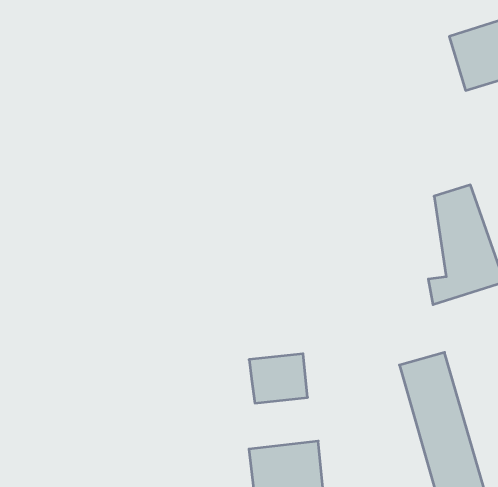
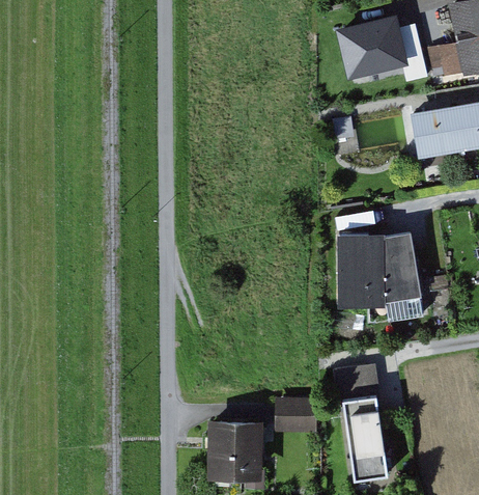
building: none -> [336,235,383,306]
building: [249,354,308,403] -> [275,396,318,433]

